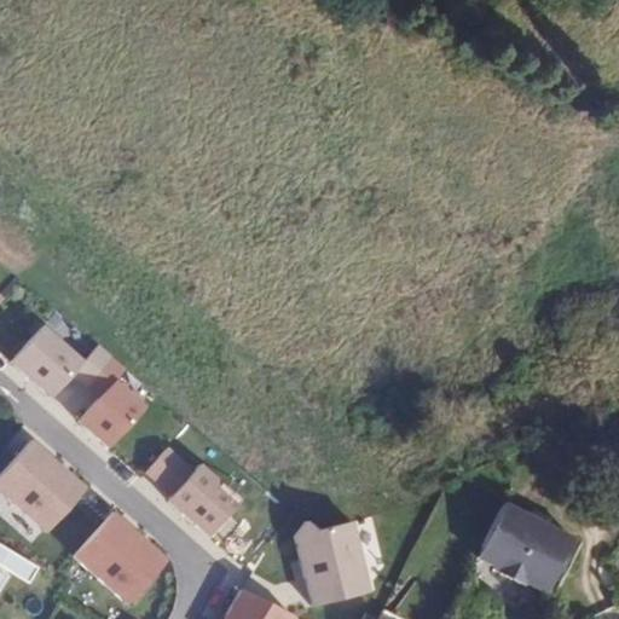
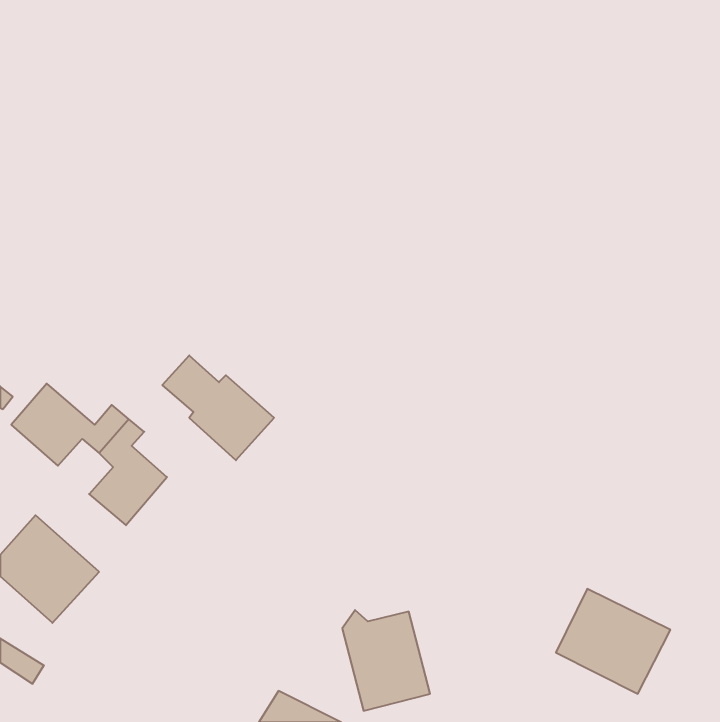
building: [146,447,242,537] -> [162,355,274,460]
building: [75,513,168,604] -> none

